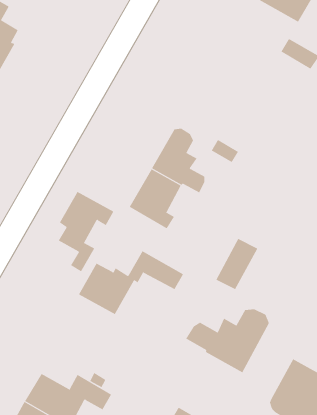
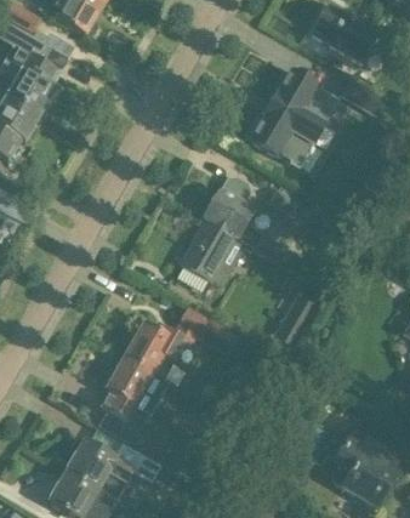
building: none -> [250,69,338,166]
building: [58,191,114,272] -> [103,355,164,443]
building: [186,308,270,373] -> none

